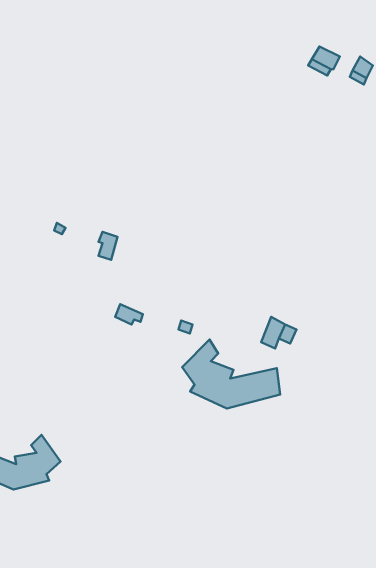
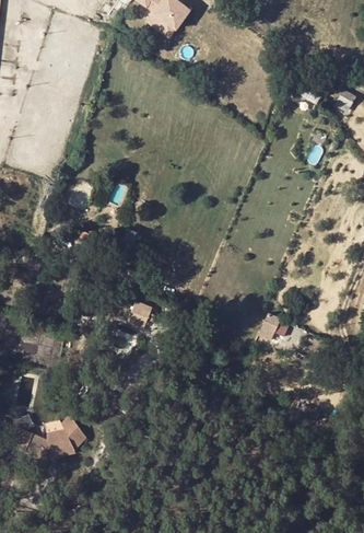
building: [182,340,280,408] -> none

